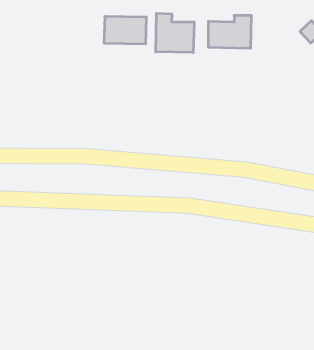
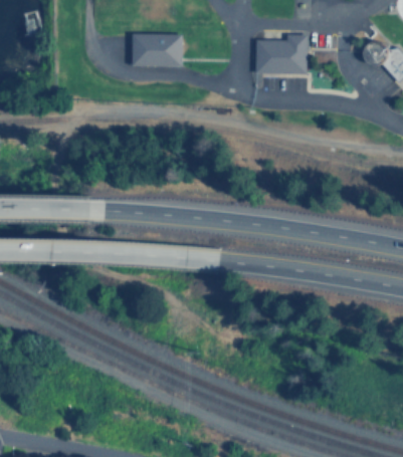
building: [156,13,194,53] -> none

